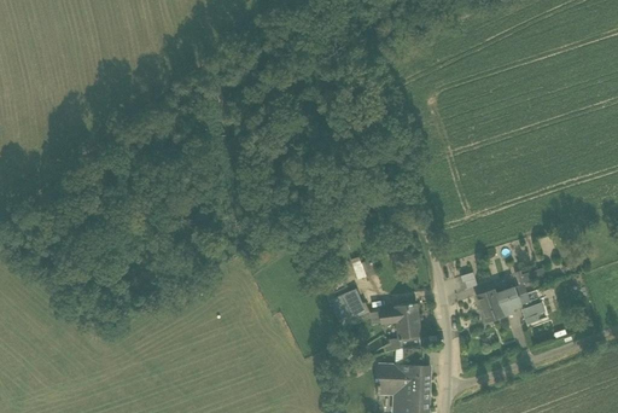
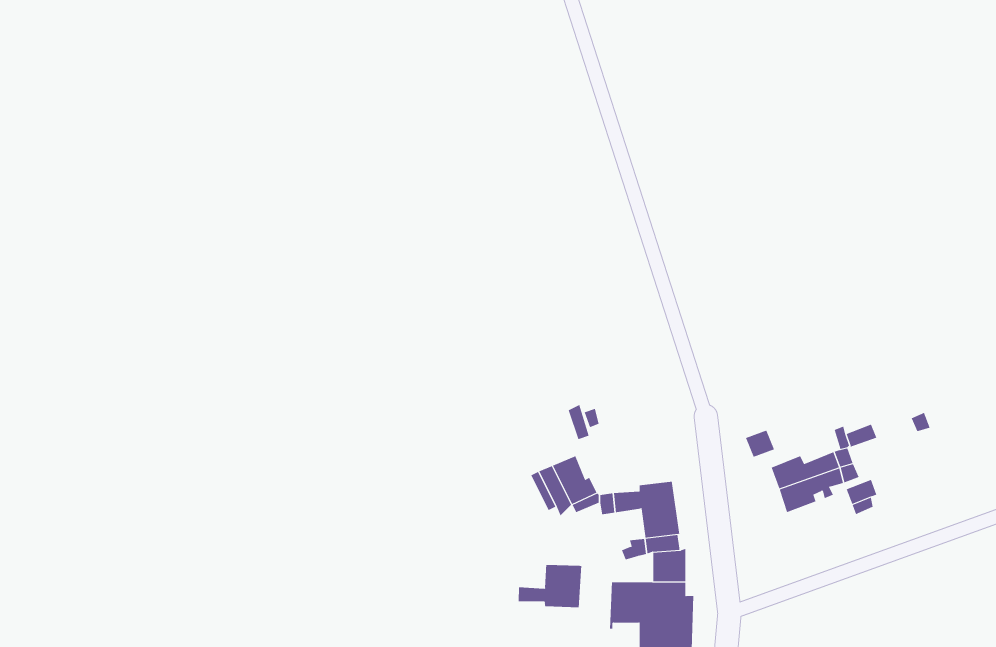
building: none -> [518,564,582,608]

